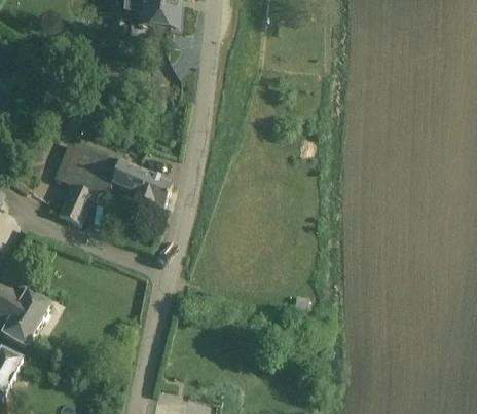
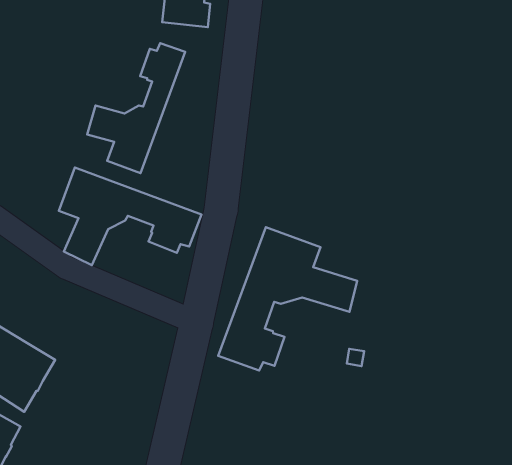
building: none -> [87,43,185,173]
building: none -> [218,227,357,371]

